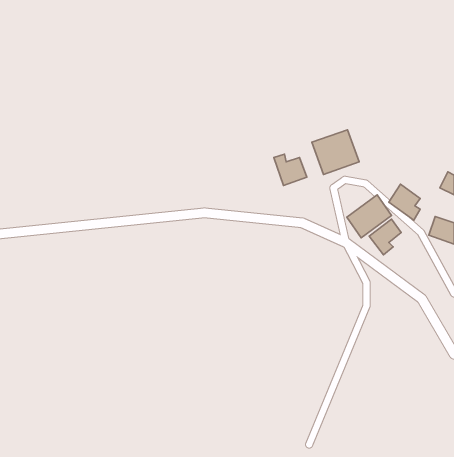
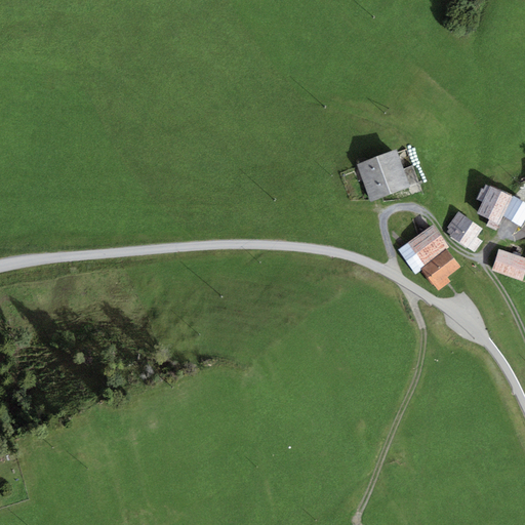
building: [274,154,307,185] -> none
building: none -> [476,187,510,224]

